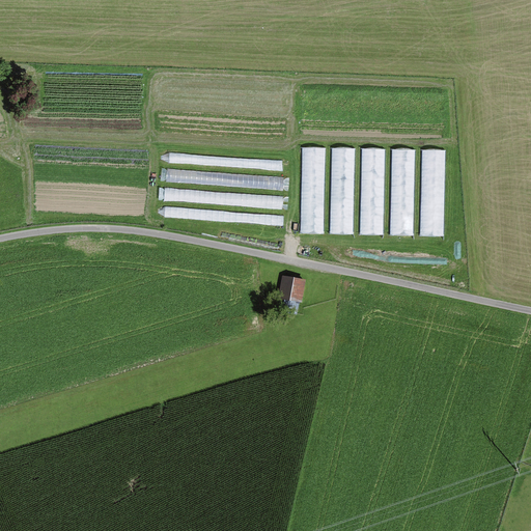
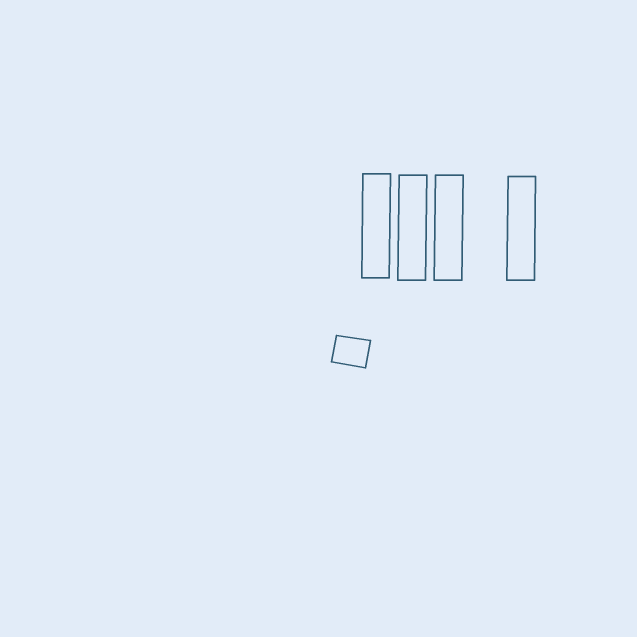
building: [389,148,414,235] -> none

